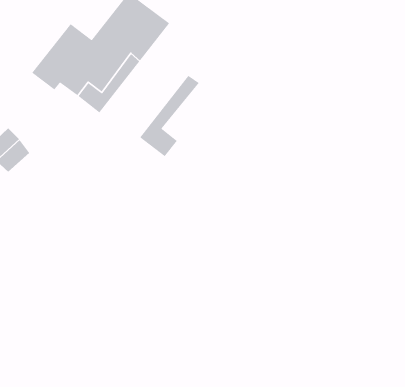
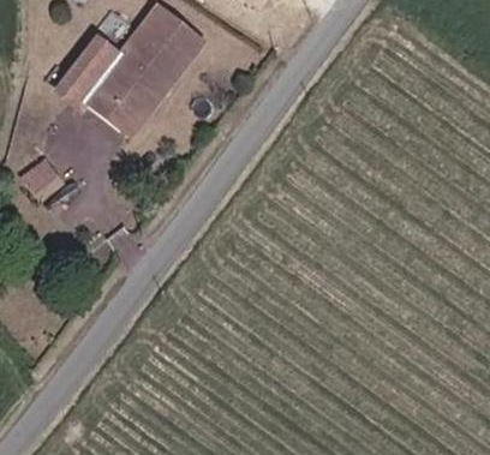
building: [139,75,200,157] -> none

